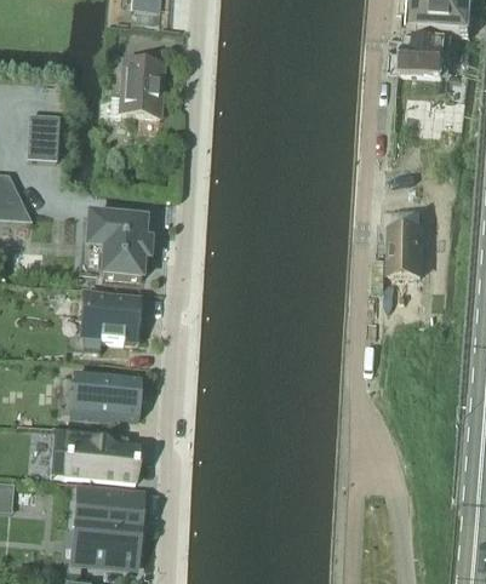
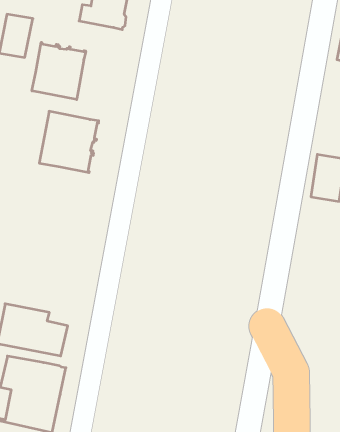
building: none -> [32,42,86,100]
building: [81,296,142,340] -> none
building: [70,374,142,417] -> none

